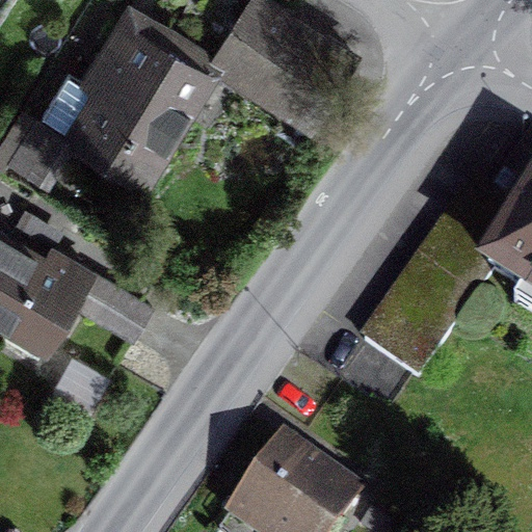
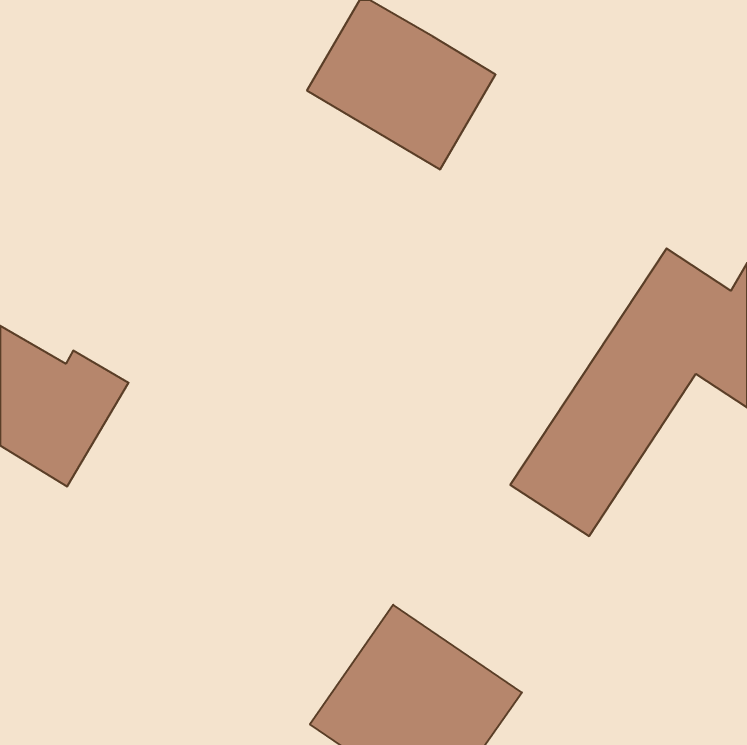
building: [55,19,213,184] -> none

